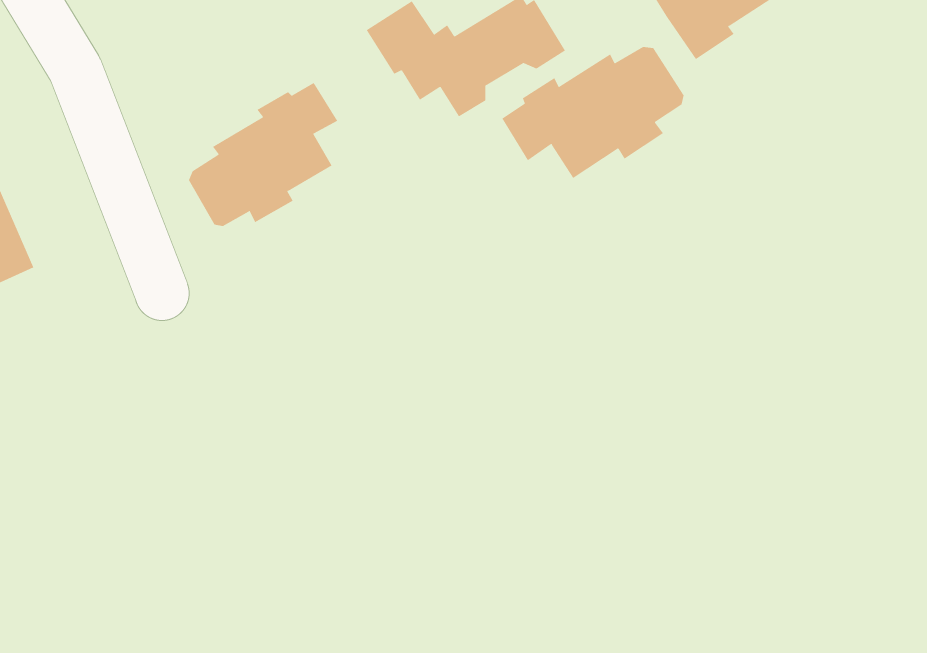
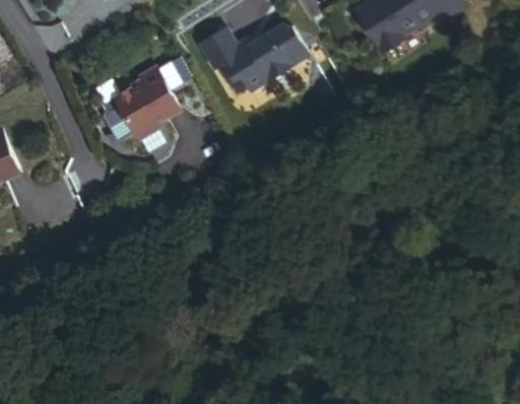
building: [501,46,684,179] -> none

